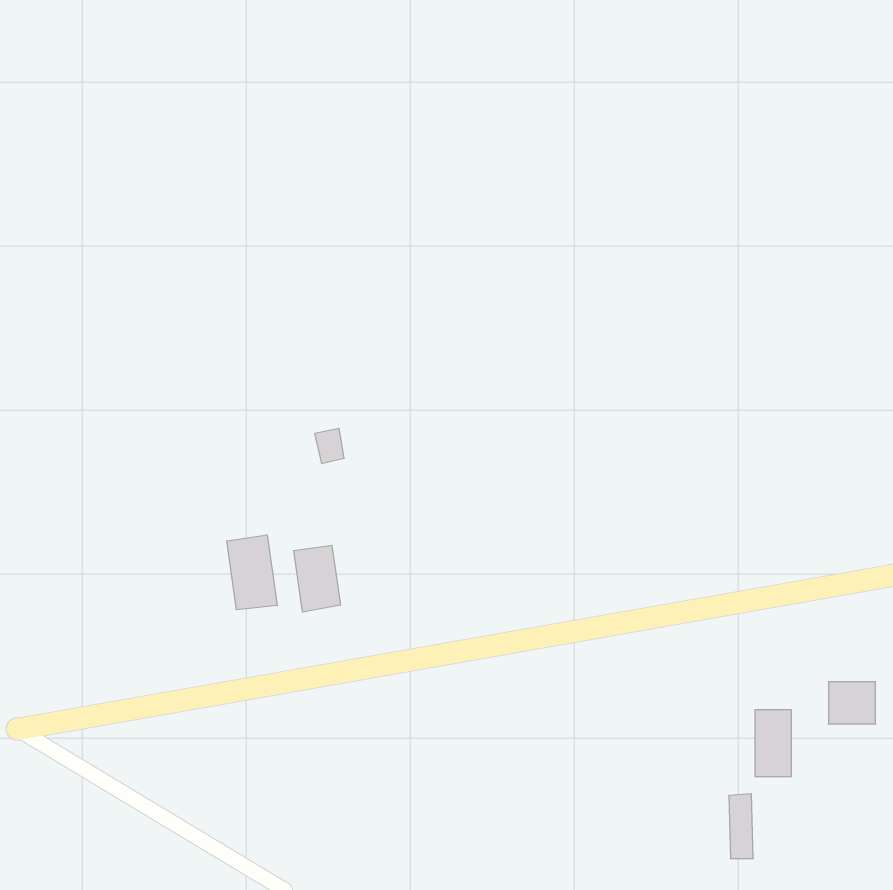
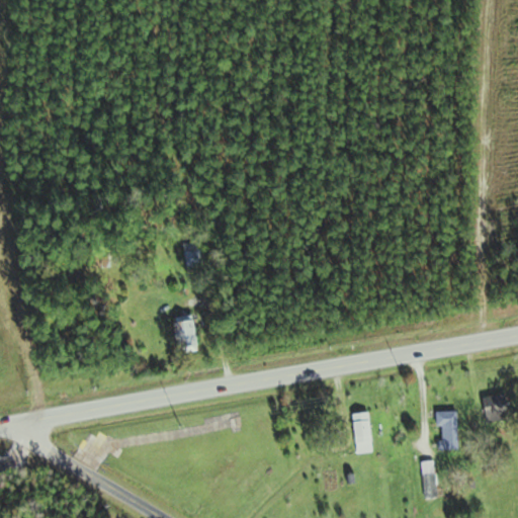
building: [227,535,277,610] -> none
building: none -> [350,411,374,454]

